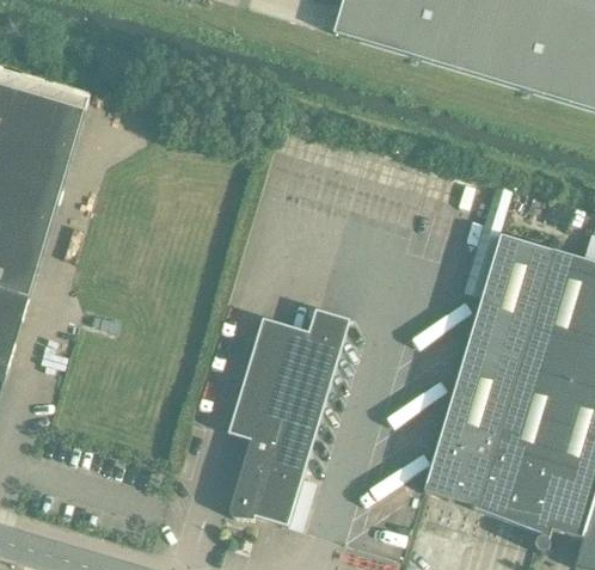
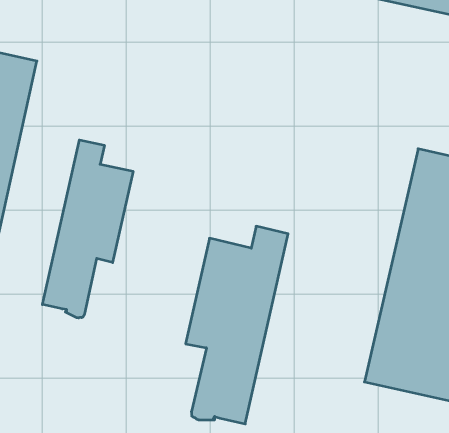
building: none -> [42,140,133,318]

